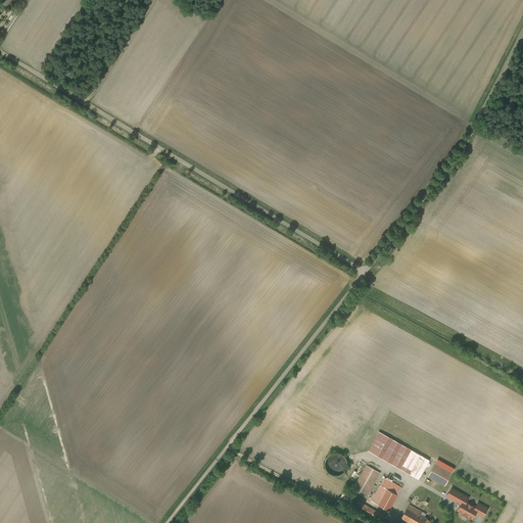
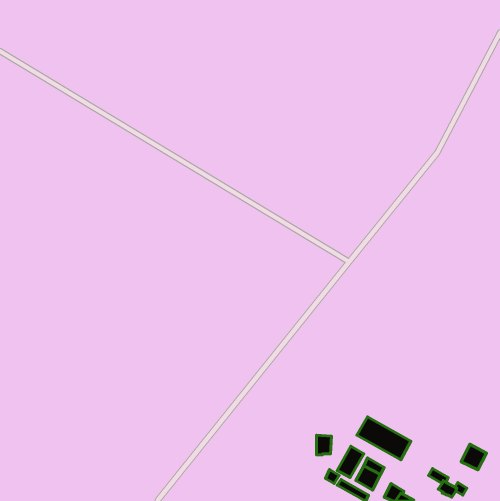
building: [427,459,454,485] -> [461,444,486,470]

